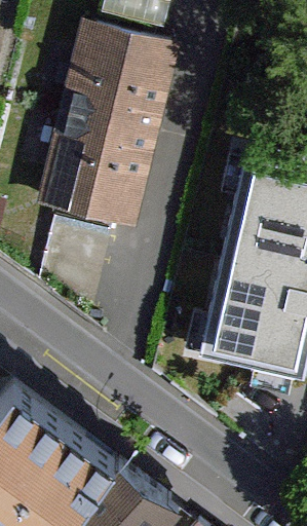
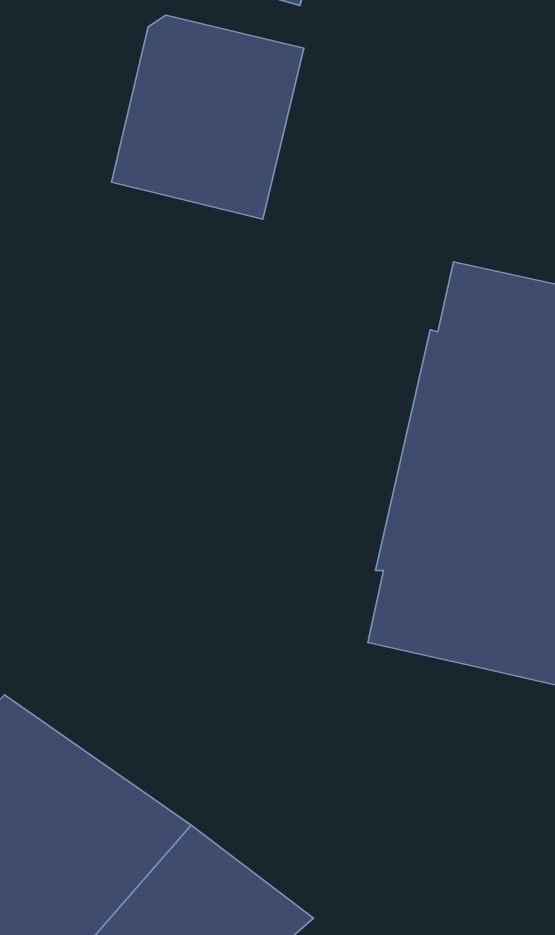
building: [48,124,149,233] -> none

